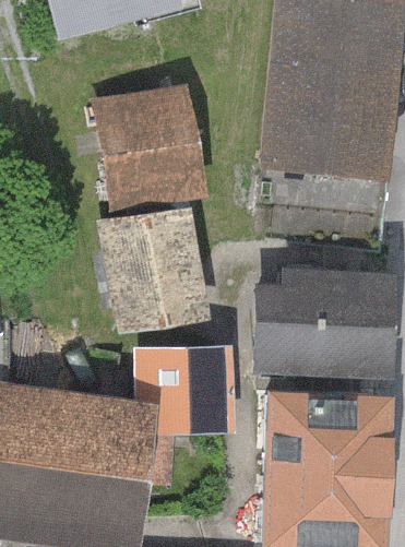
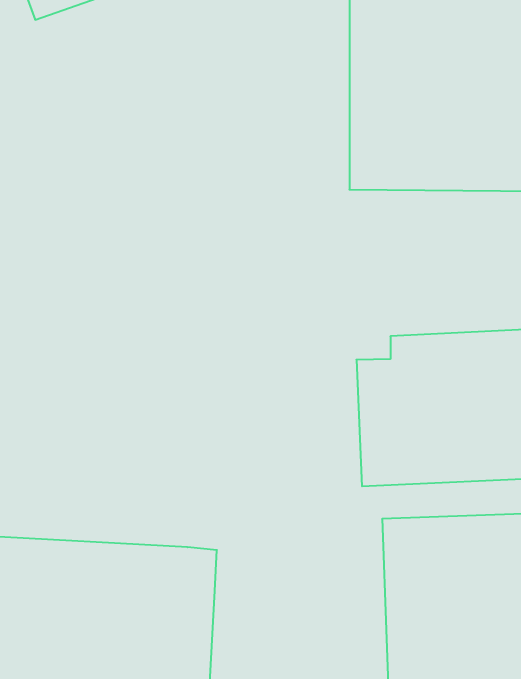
building: [93,83,206,211] -> none
building: [100,205,211,333] -> none
building: [135,347,233,431] -> none

